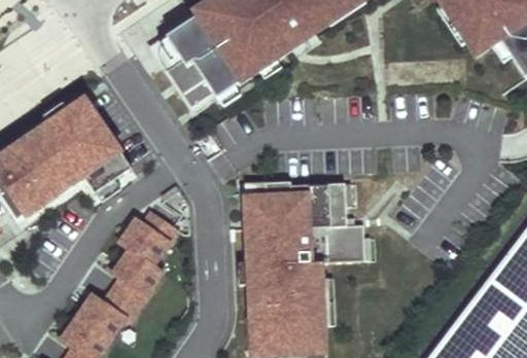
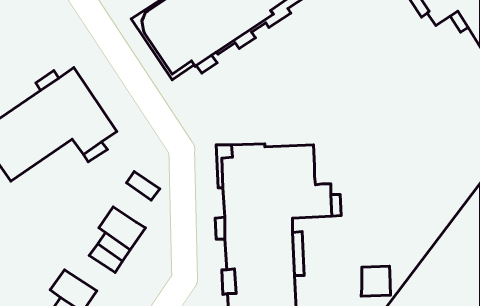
building: [119,218,170,265] -> none
building: [76,294,127,339] -> none
building: none -> [361,266,391,296]

